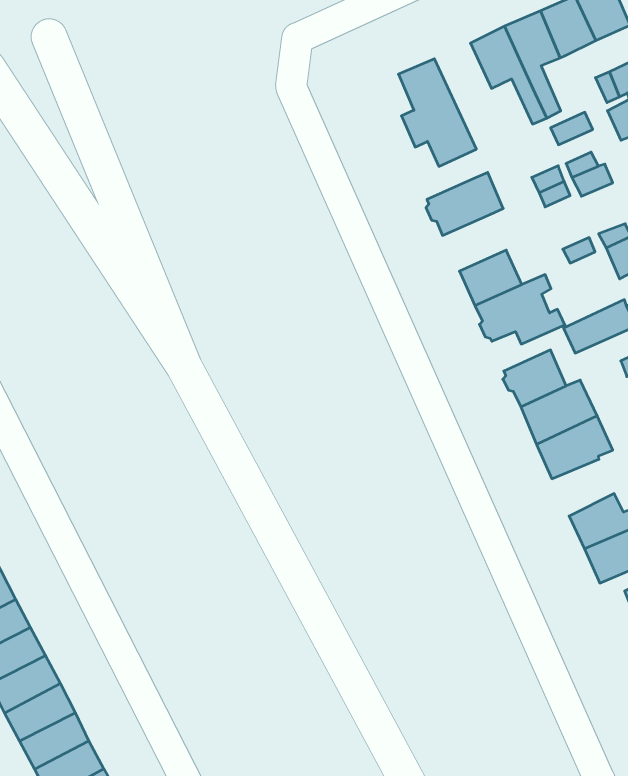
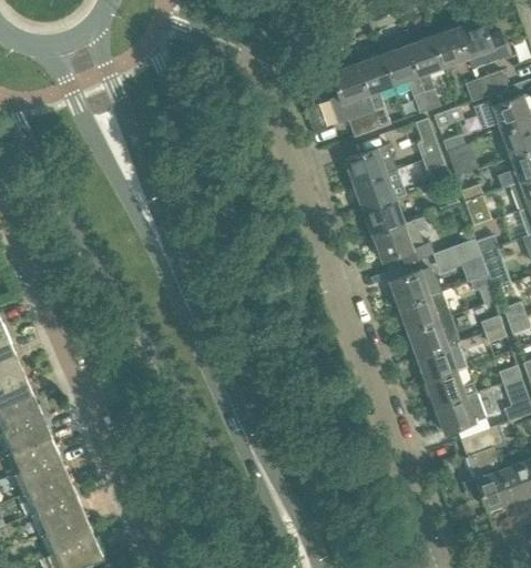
building: none -> [357,54,395,128]
building: none -> [354,173,397,211]
building: none -> [417,347,459,385]

